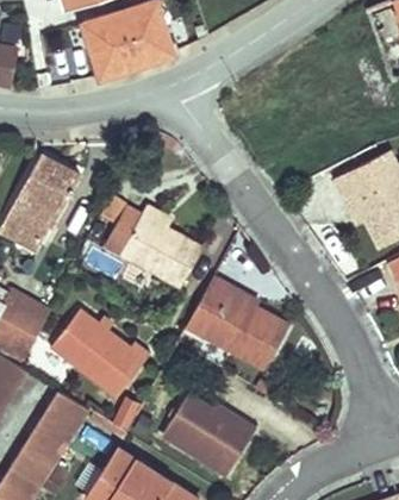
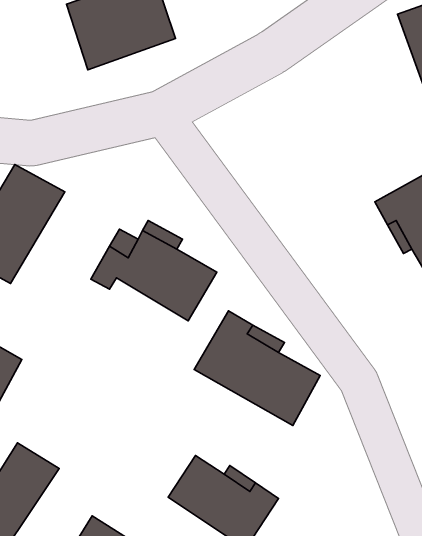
building: [56,296,157,388] -> none

